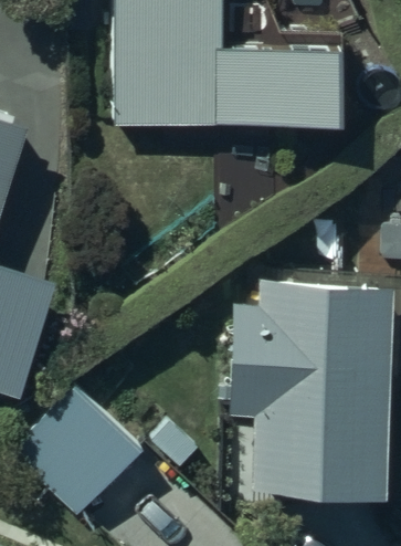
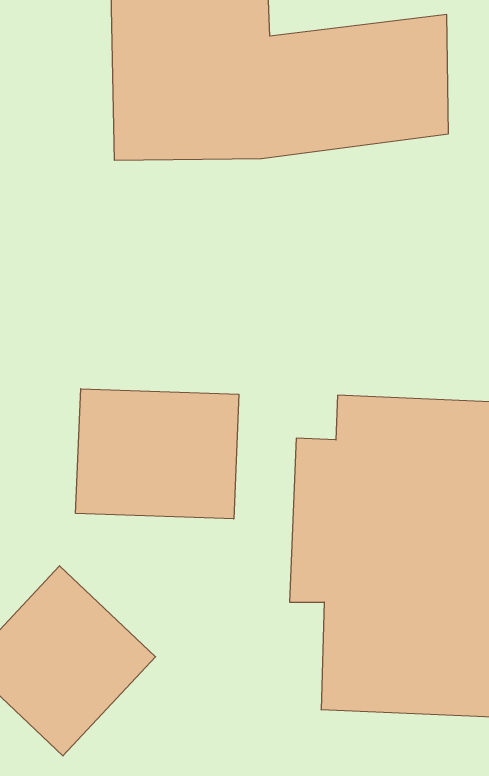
building: none -> [76,389,239,519]

